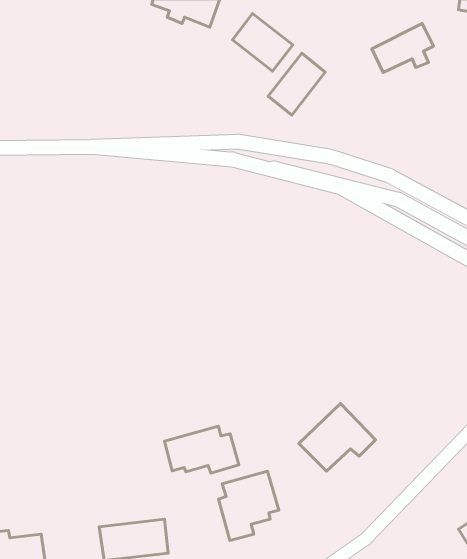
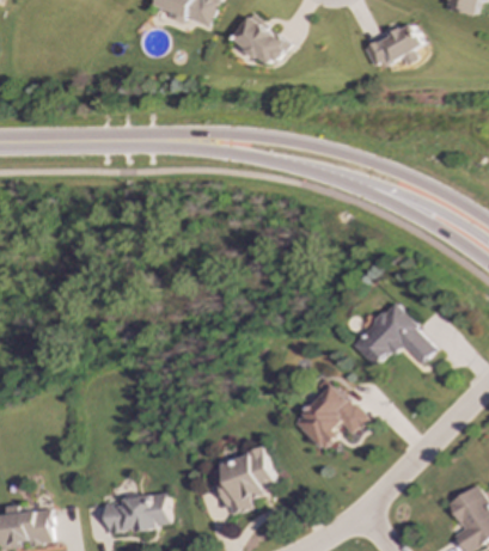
building: [268,53,325,115] -> none
building: none -> [350,302,436,367]
building: [165,426,239,473] -> none

